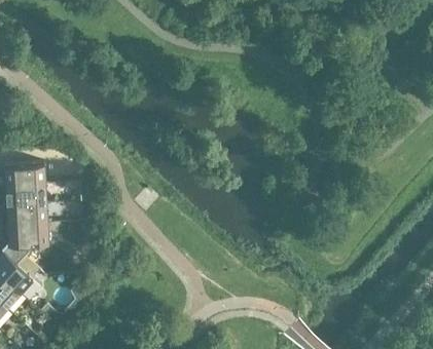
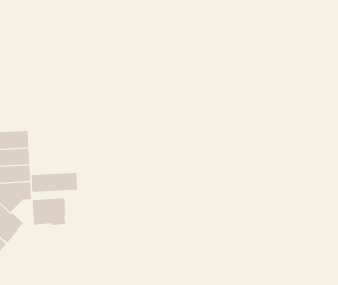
building: none -> [31,172,78,192]
building: none -> [32,198,66,226]

